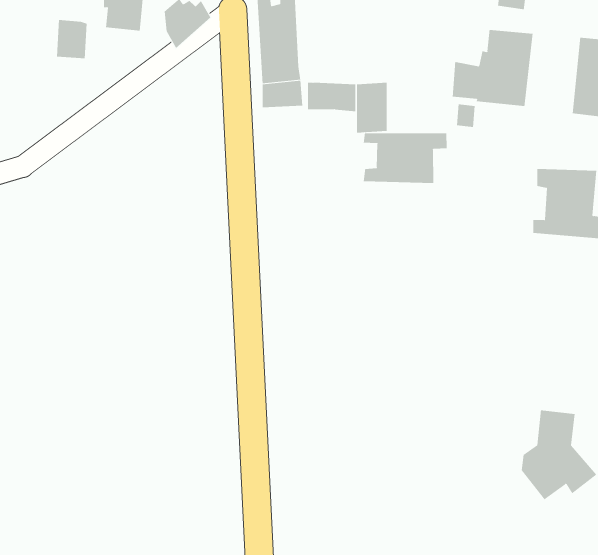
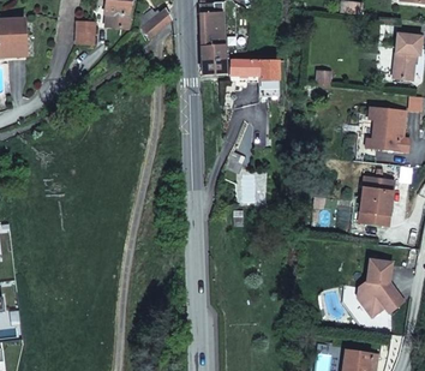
building: [452,29,533,107] -> none
building: [363,132,447,184] -> none
building: none -> [361,180,391,227]

